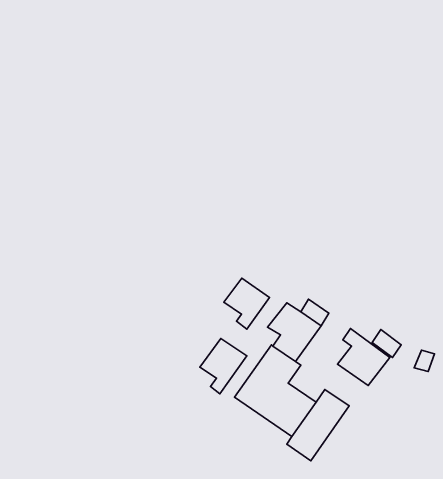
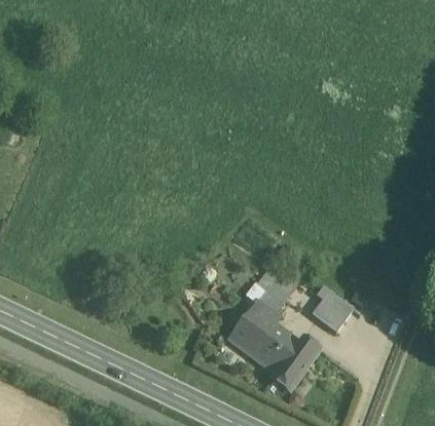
building: [224,278,269,329] -> none
building: [200,339,247,394] -> none

